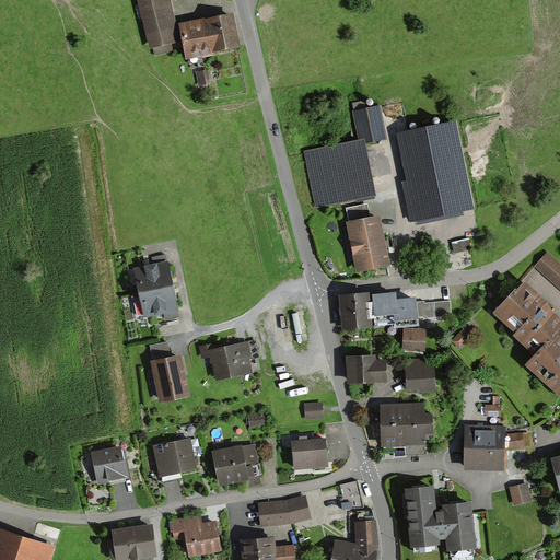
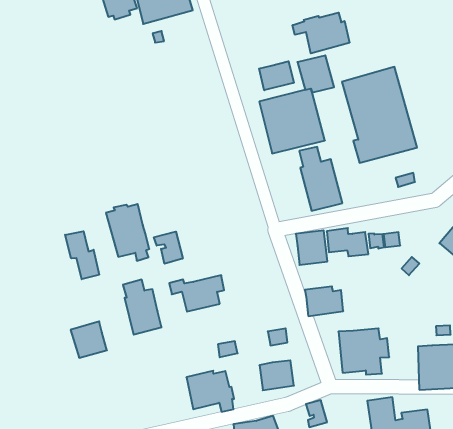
building: none -> [293,13,349,53]
building: none -> [259,61,294,90]
building: none -> [65,231,99,279]
building: none -> [154,232,183,264]
building: [401,331,424,353] -> none
building: [406,360,434,395] -> none
building: [152,435,196,474] -> none
building: [90,443,128,481] -> [71,321,107,358]

